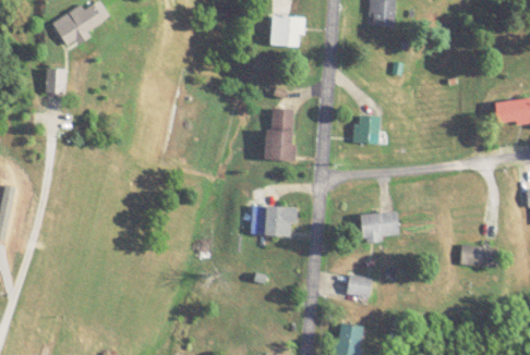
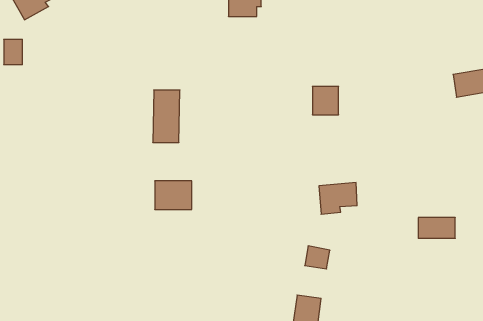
building: [267,108,294,160] -> [153,90,180,142]
building: [253,207,290,235] -> [155,181,192,209]

